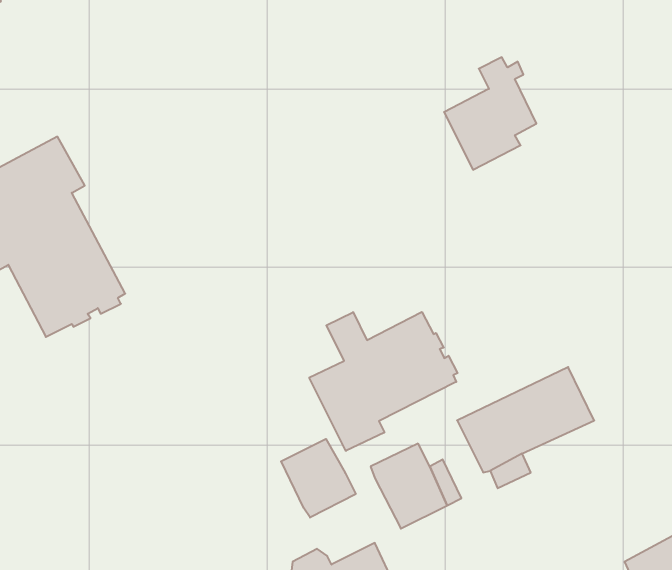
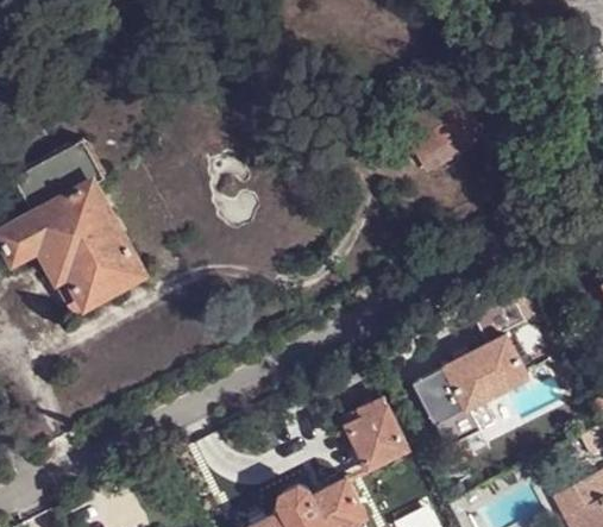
building: [309,312,458,451] -> none
building: [281,439,356,518] -> none

